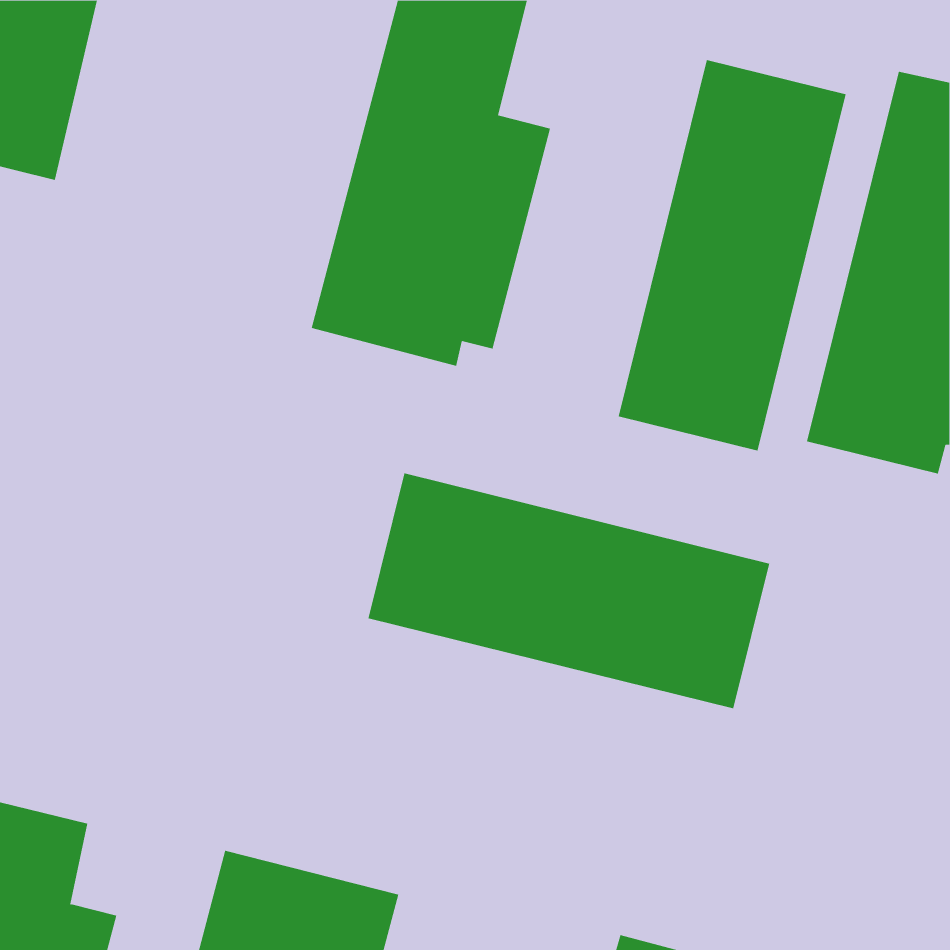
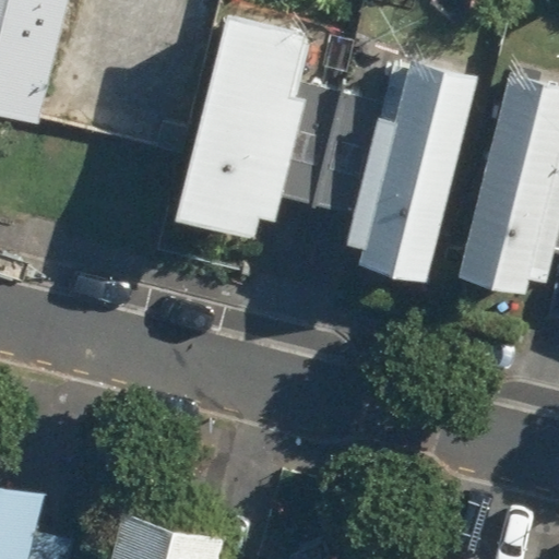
building: [368,473,770,709] -> none

